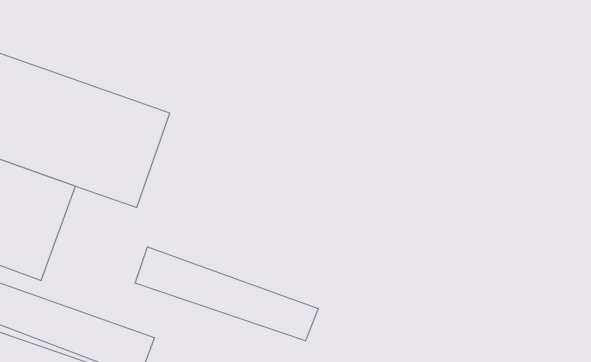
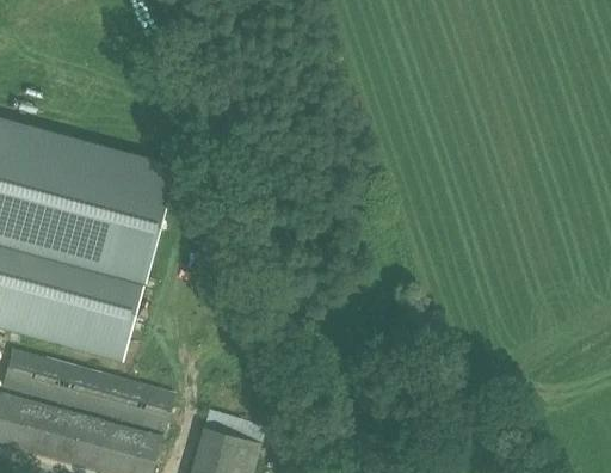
building: none -> [60,248,149,361]
building: [135,247,318,341] -> none

